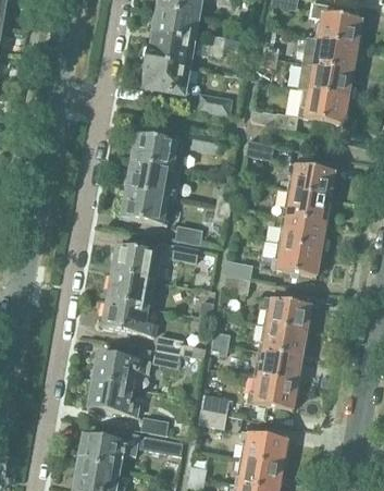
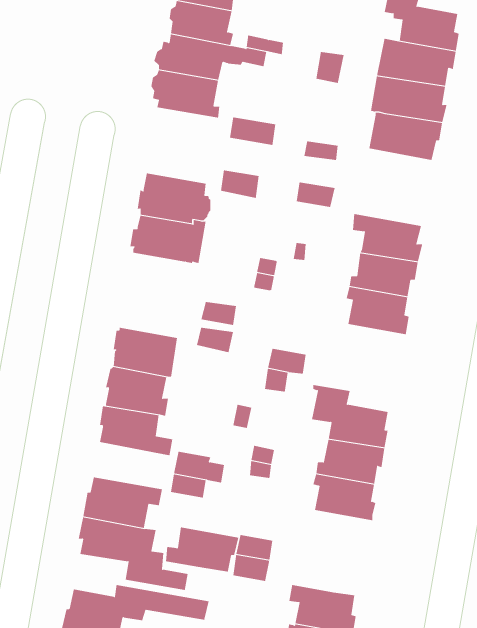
building: [121,192,171,225] -> none
building: [271,243,324,277] -> none
building: [247,377,300,409] -> [165,527,239,572]

